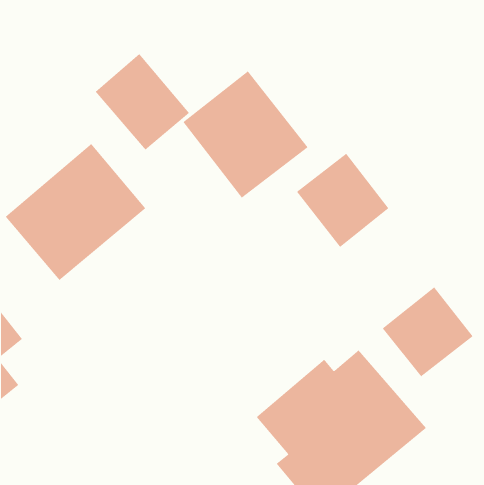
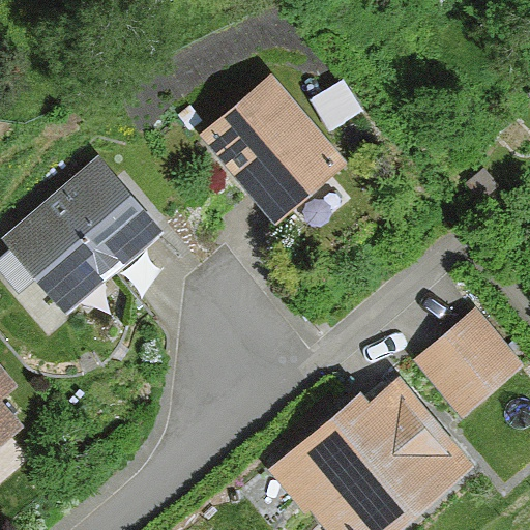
building: [95,53,190,150] -> none
building: [296,153,389,248] -> none

